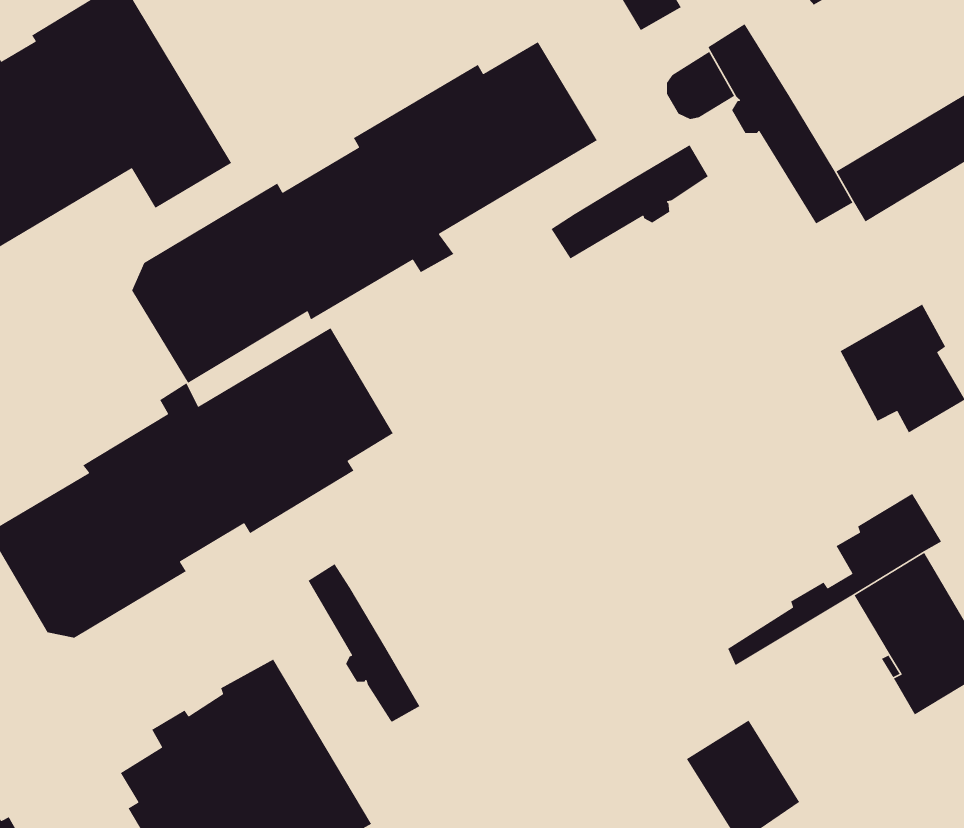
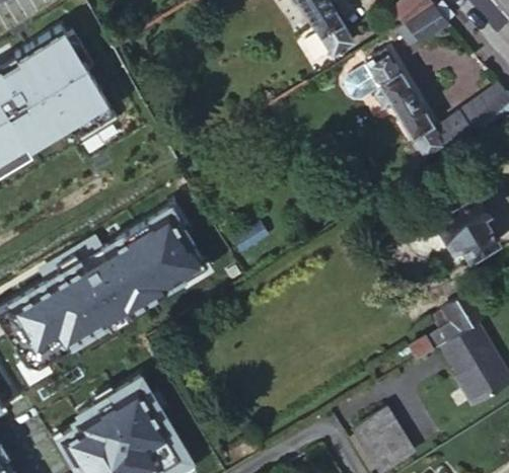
building: [131,41,598,384] -> none
building: [551,144,709,260] -> none
building: [307,563,420,723] -> none

